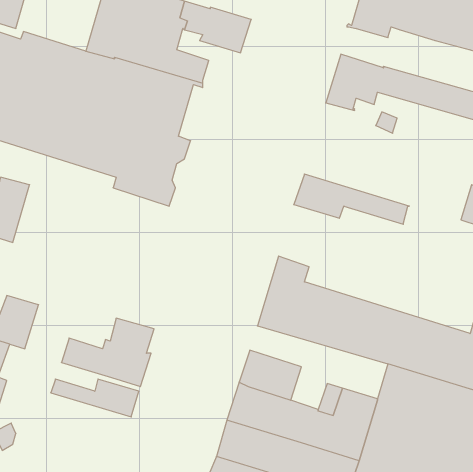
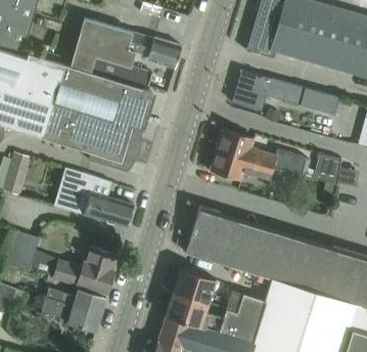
building: none -> [217,128,306,175]
building: none -> [55,168,133,227]
building: none -> [41,297,100,332]

